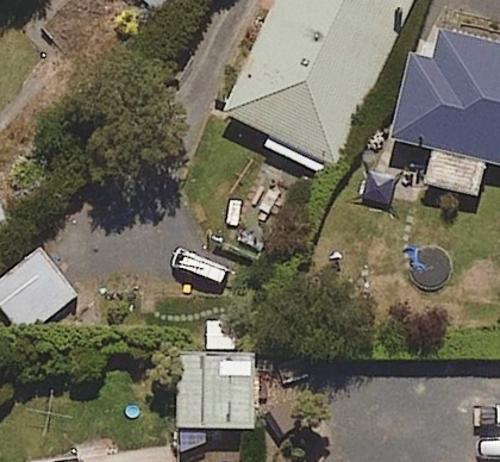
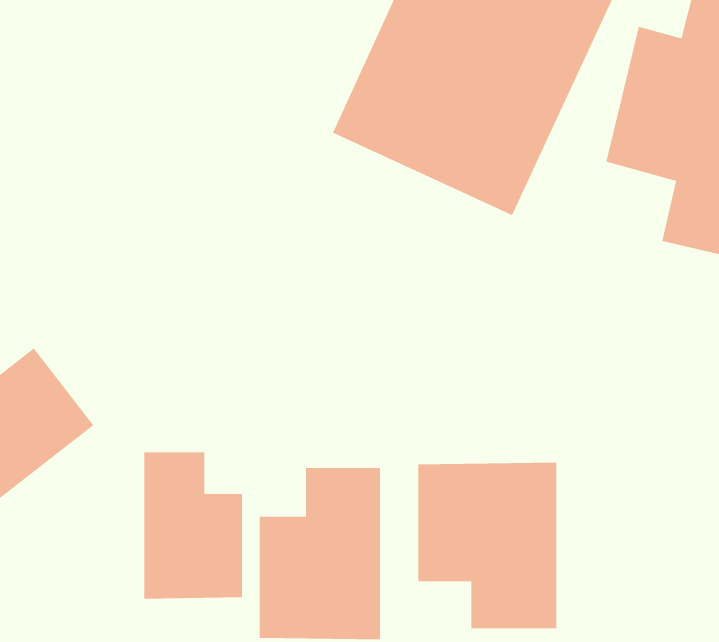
building: none -> [144,452,242,600]
building: none -> [418,462,557,629]

